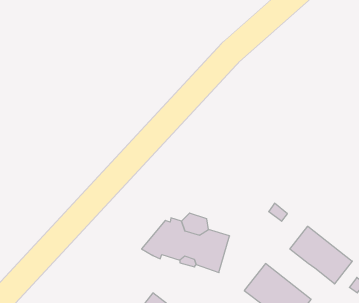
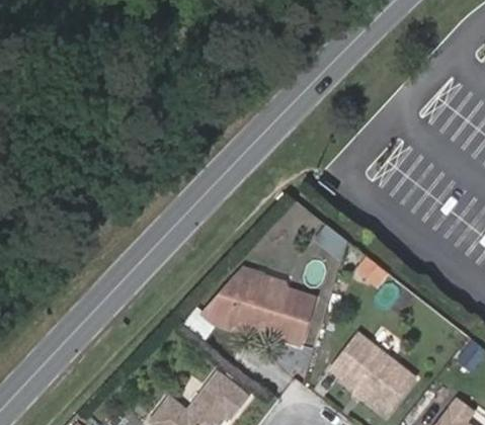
building: [290,226,352,284] -> none

